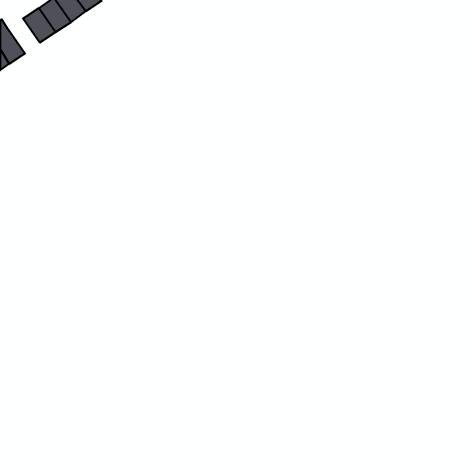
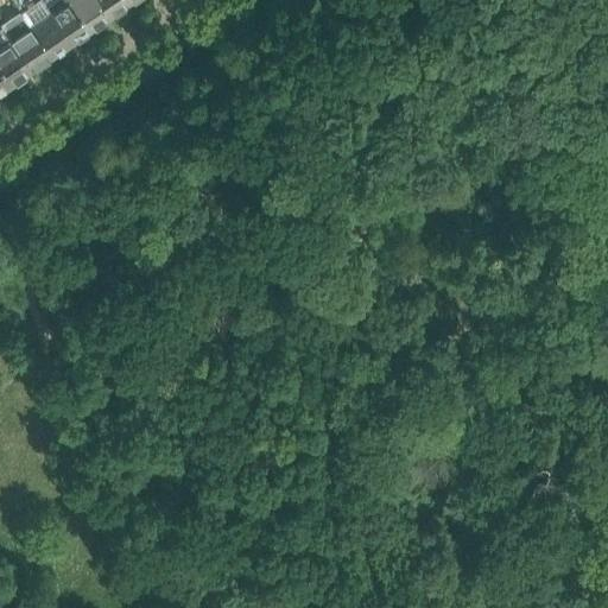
building: none -> [11,14,51,69]

